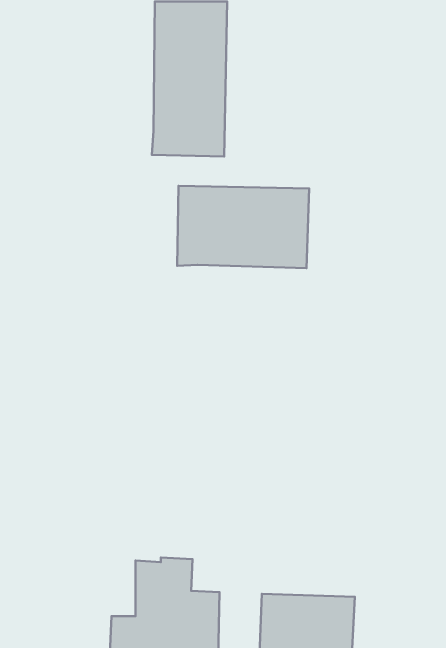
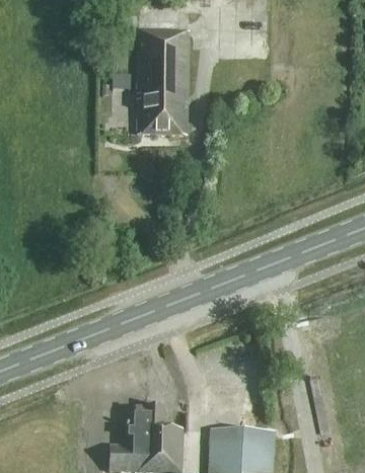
building: [177,186,309,268] -> none

